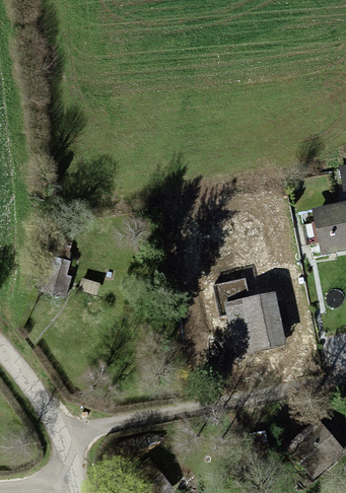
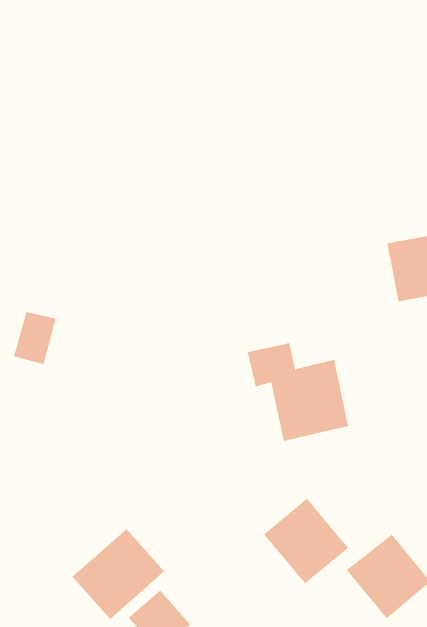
building: none -> [263,498,349,584]
building: none -> [72,528,165,620]

